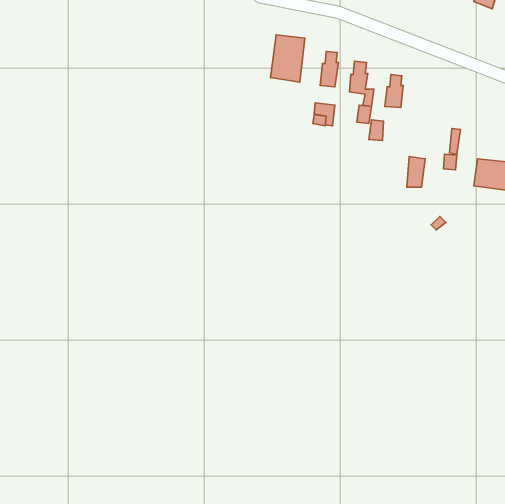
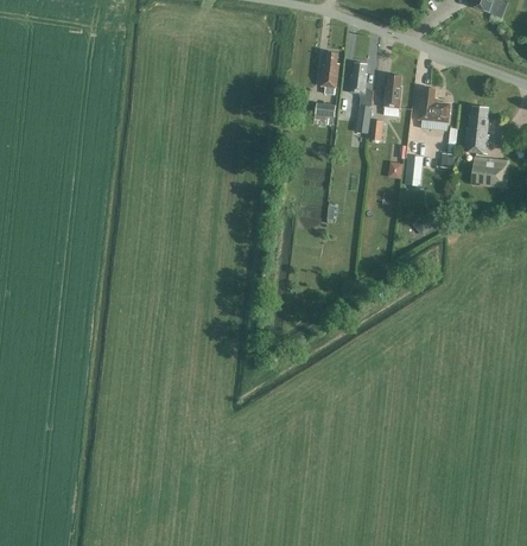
building: [270,35,305,82] -> none
building: none -> [418,87,450,122]
building: none -> [463,106,488,153]

